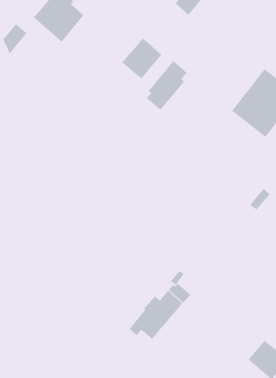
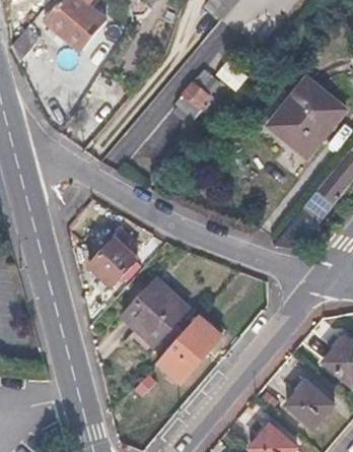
building: [121,38,162,80] -> none
building: none -> [89,233,134,286]
building: none -> [123,280,188,346]

